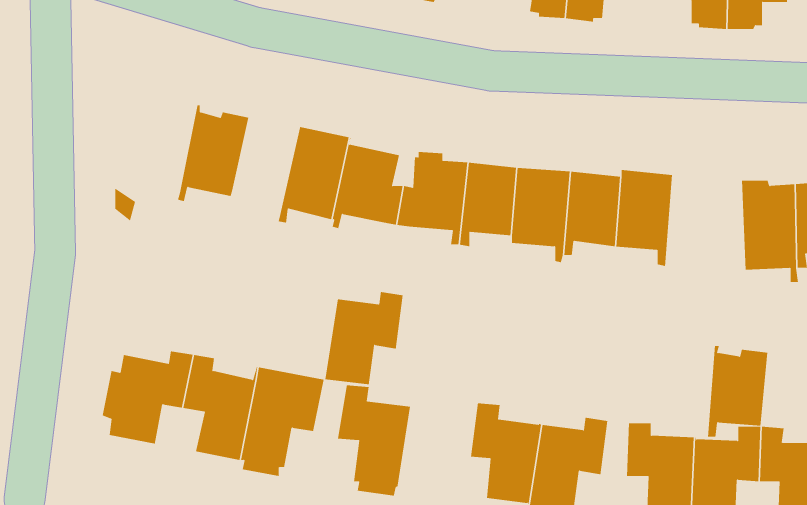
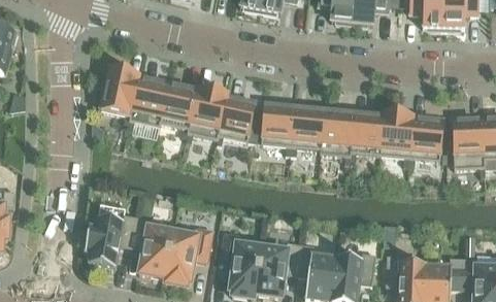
building: none -> [101,63,139,122]
building: none -> [160,78,198,134]
building: [325,292,404,385] -> [255,240,300,294]
building: [707,345,768,437] -> [408,111,443,164]

